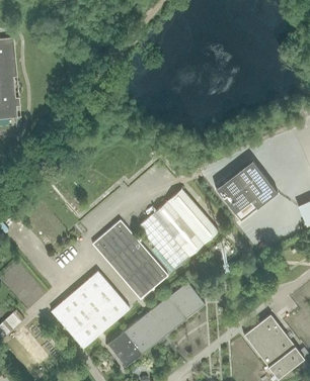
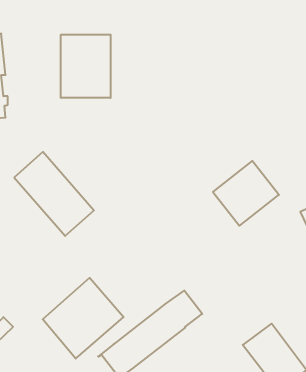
building: none -> [61,35,111,98]
building: [137,189,219,270] -> none
building: [92,219,168,299] -> [14,152,94,236]

